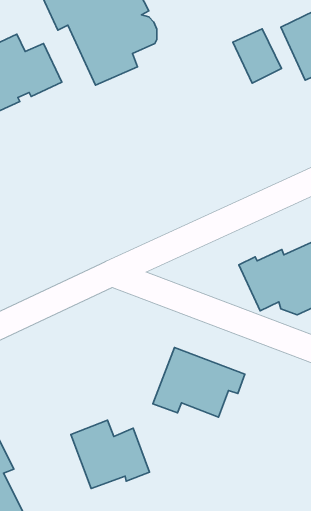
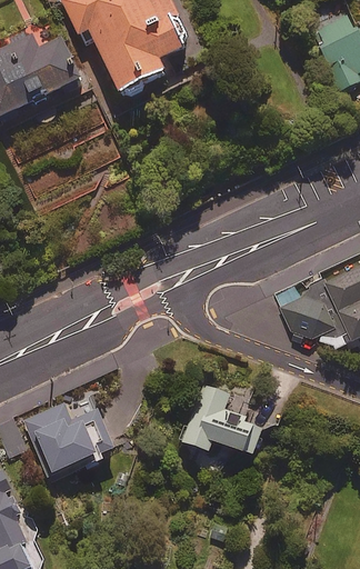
building: [233,29,281,83] -> none
building: [71,420,150,488] -> [29,402,114,477]

